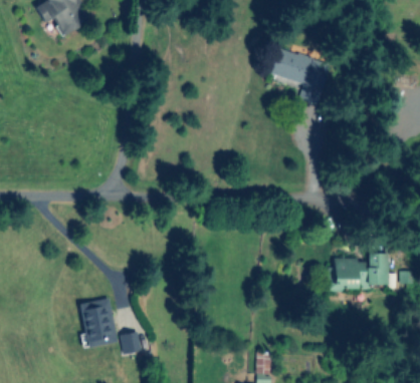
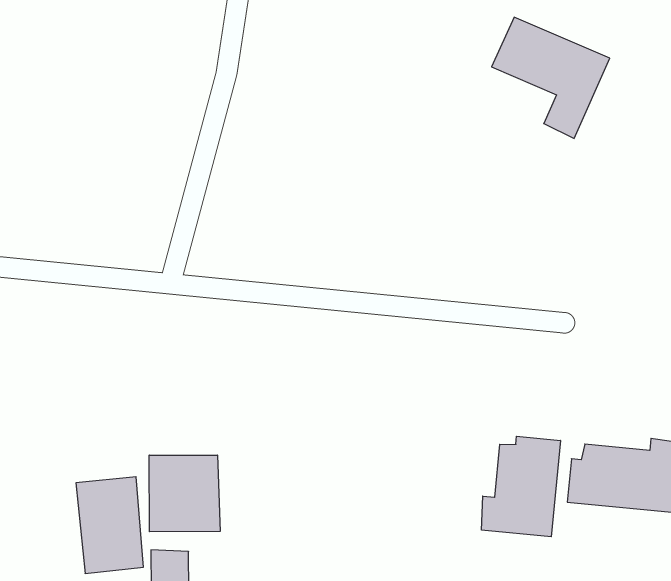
building: none -> [482,436,560,537]
building: none -> [149,455,220,532]

